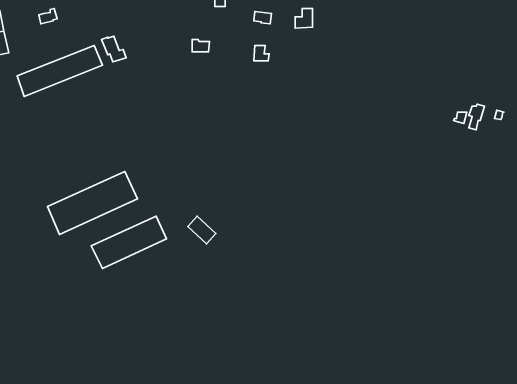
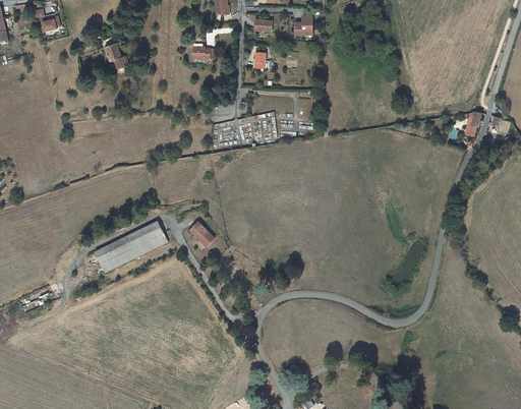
building: [17,45,102,96] -> none
building: [48,171,138,235] -> none

